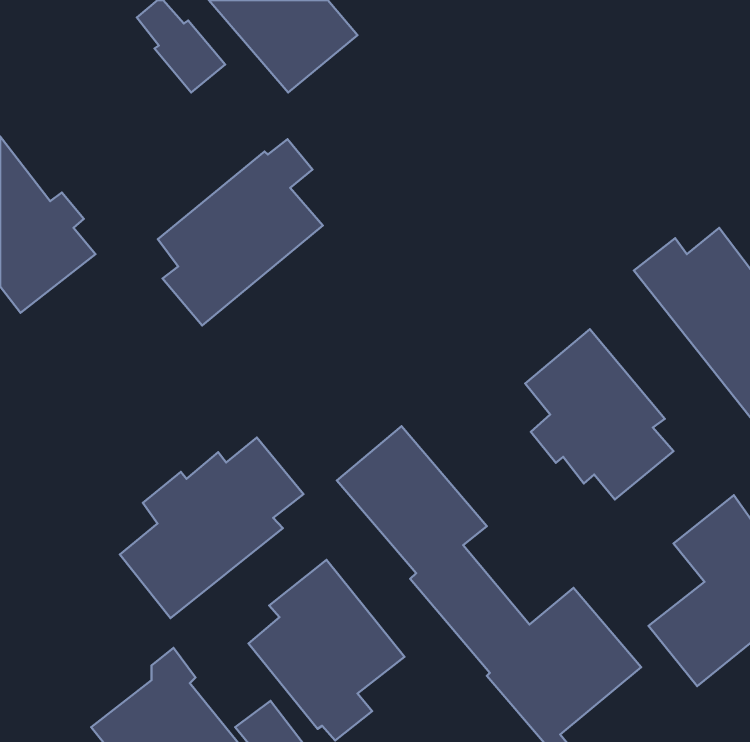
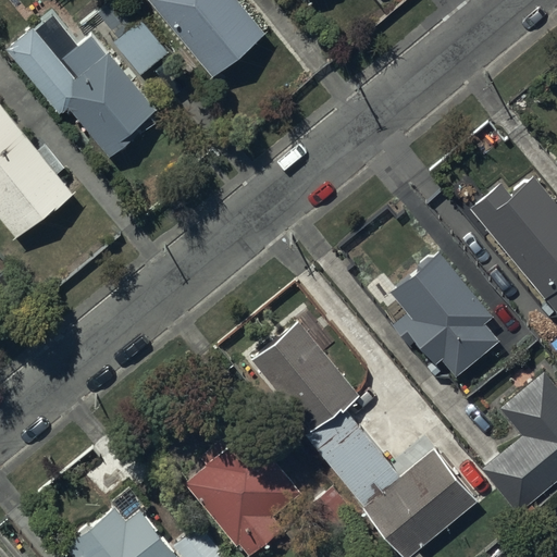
building: none -> [9,16,158,157]
building: [158,139,323,325] -> none
building: [120,437,304,618] -> none

